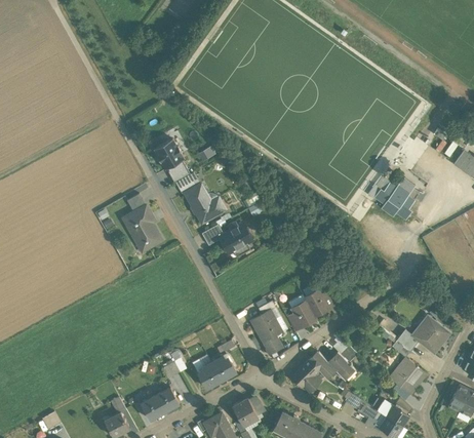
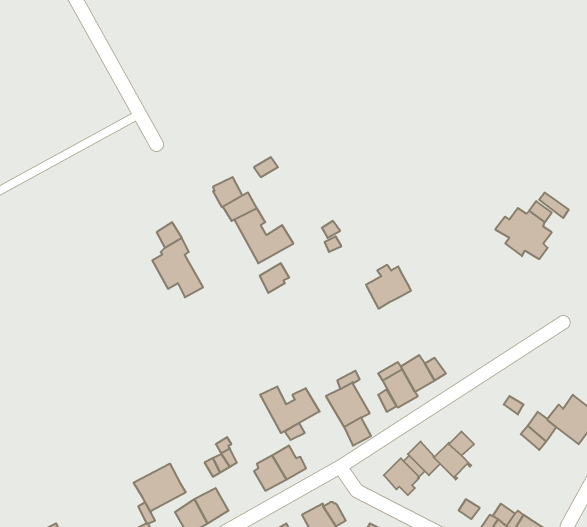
building: [154,140,184,169] -> none
building: [220,222,252,253] -> [366,265,411,309]
building: none -> [260,386,320,433]
building: [392,360,427,396] -> none
building: none -> [134,464,186,512]

